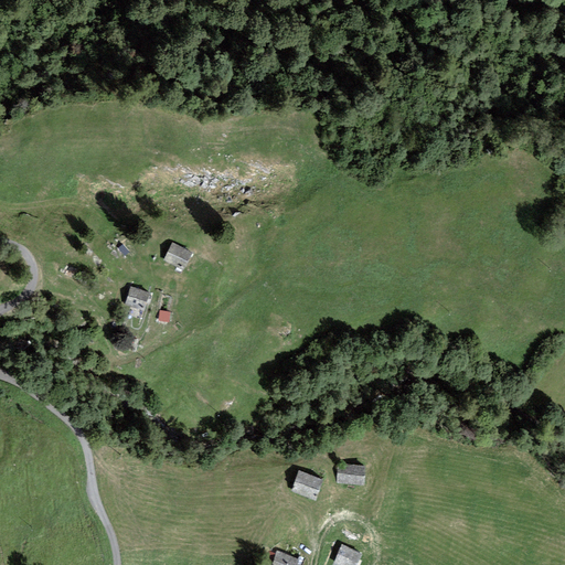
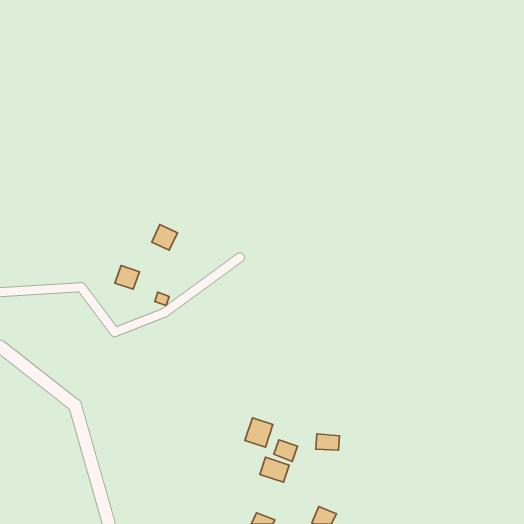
building: none -> [245,418,273,447]
building: none -> [260,457,289,482]

